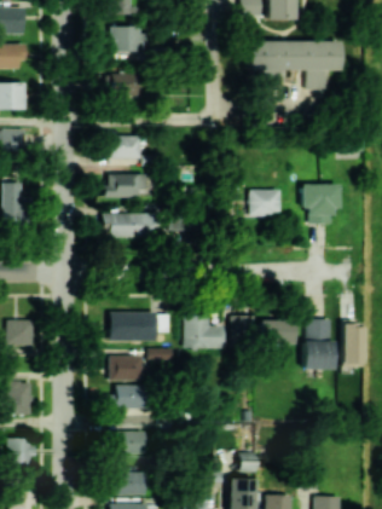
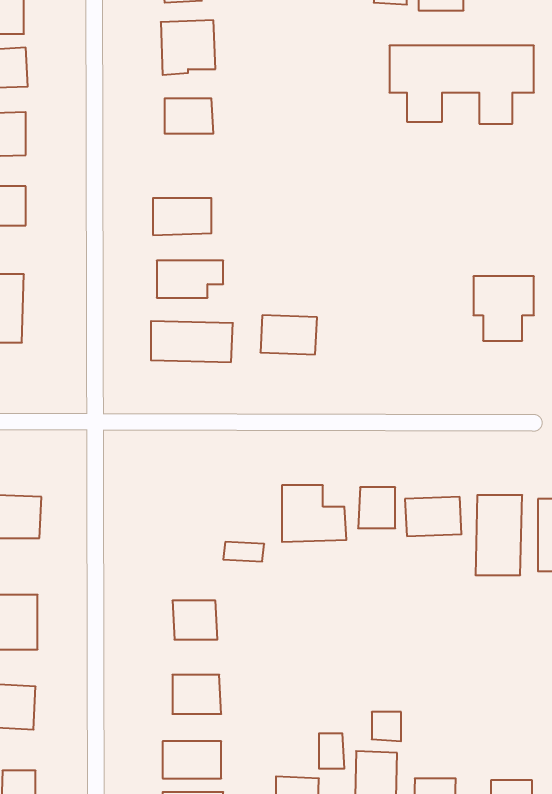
building: [250,190,282,216] -> none
building: [110,311,158,341] -> none
building: [110,355,145,381] -> none

